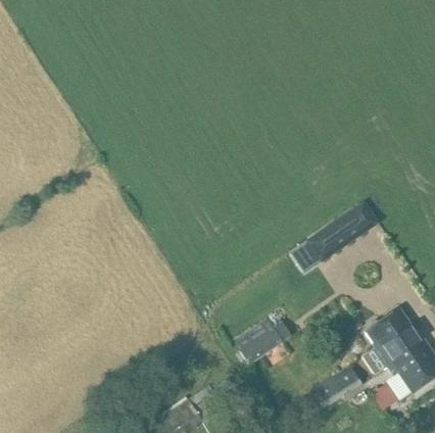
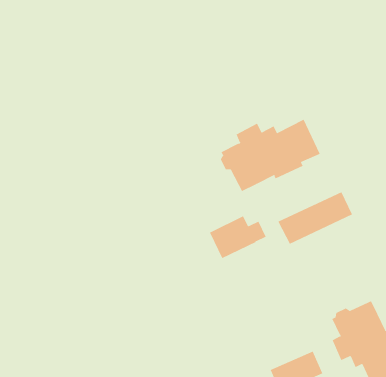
building: none -> [220,119,320,192]
building: [234,318,289,362] -> [209,216,266,259]

